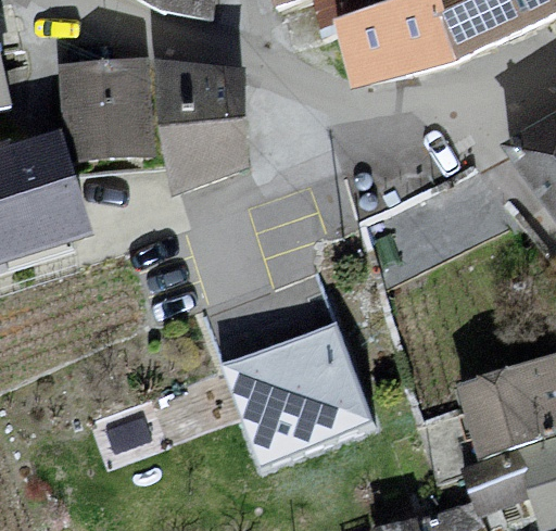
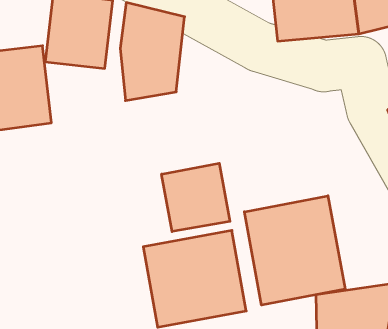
building: none -> [162,163,230,232]
building: none -> [244,196,345,305]

